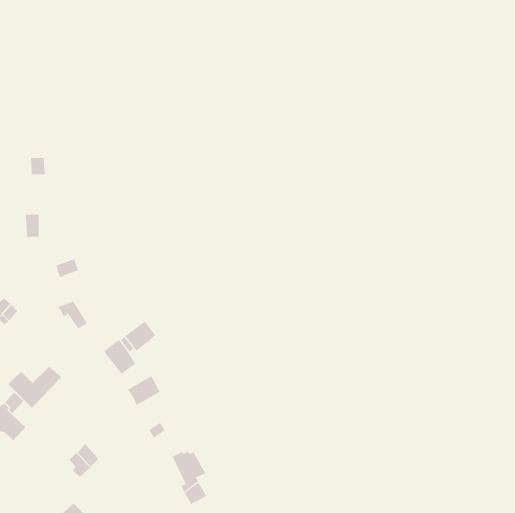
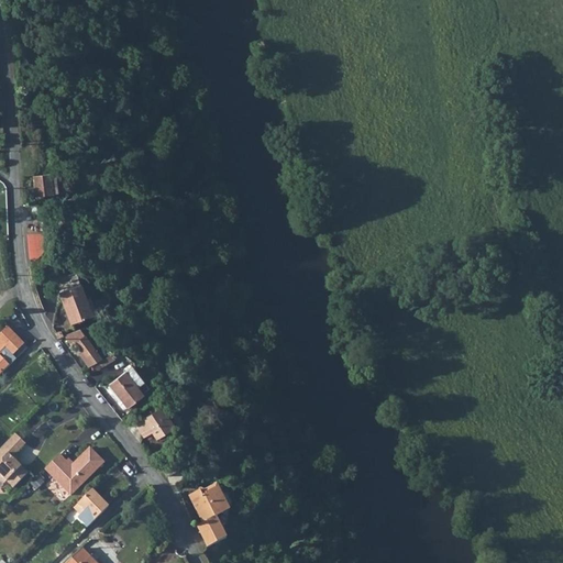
building: none -> [65,298,92,324]
building: [125,321,156,351] -> none
building: [8,366,62,409] -> [45,445,104,492]

